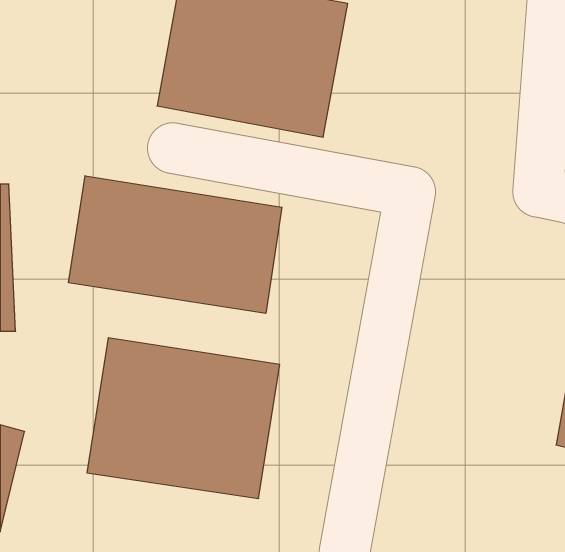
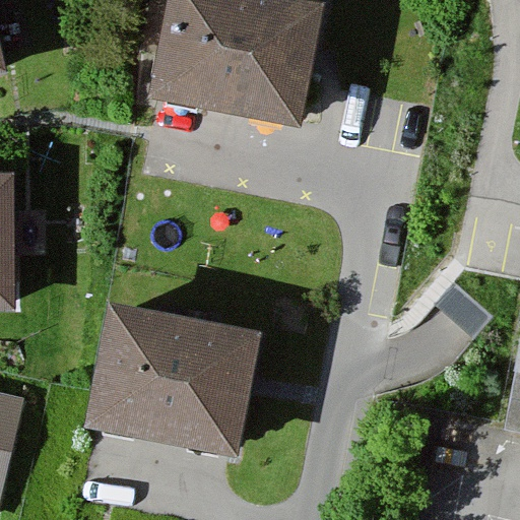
building: [69,176,282,313] -> none

